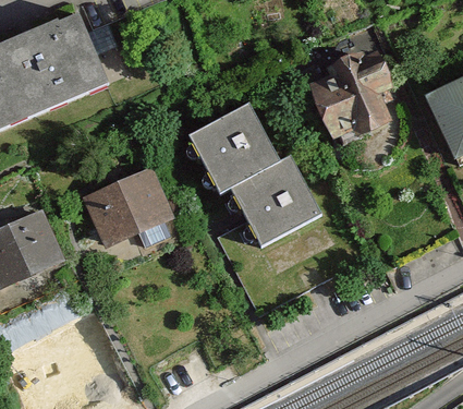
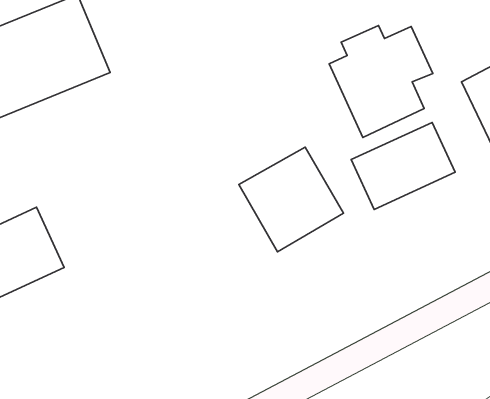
building: [181,99,278,193] -> none
building: none -> [351,122,455,209]
building: [82,167,173,246] -> none

